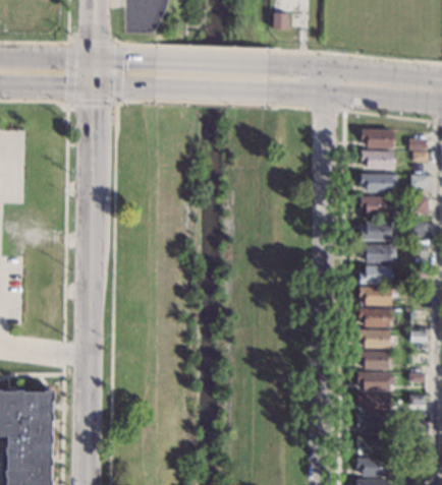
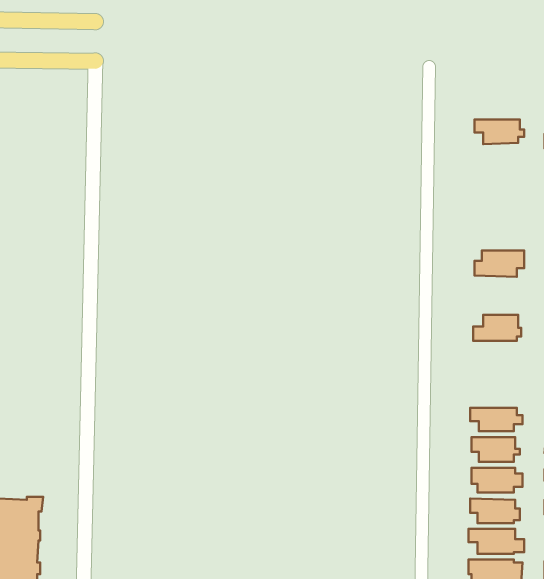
building: [360,150,394,168] -> none
building: [358,173,395,191] -> none
building: [358,195,395,214] -> none
building: [358,243,394,262] -> none
building: [357,287,391,304] -> none
building: [357,308,388,325] -> none

